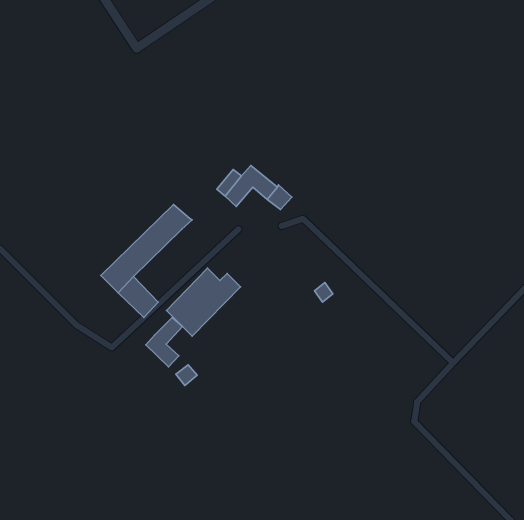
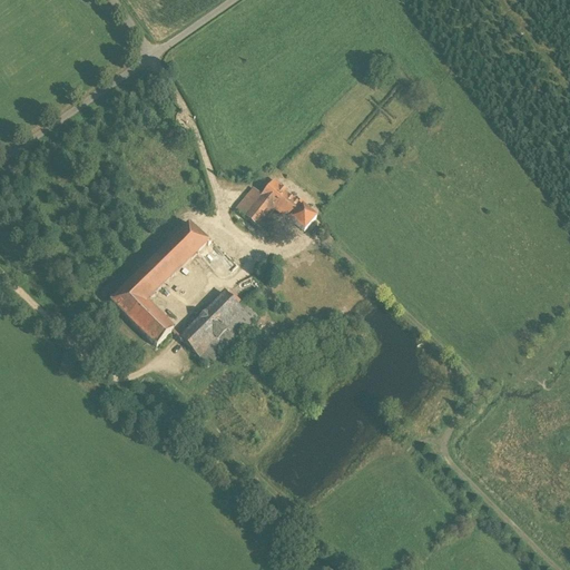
building: [146,317,183,367] -> none

